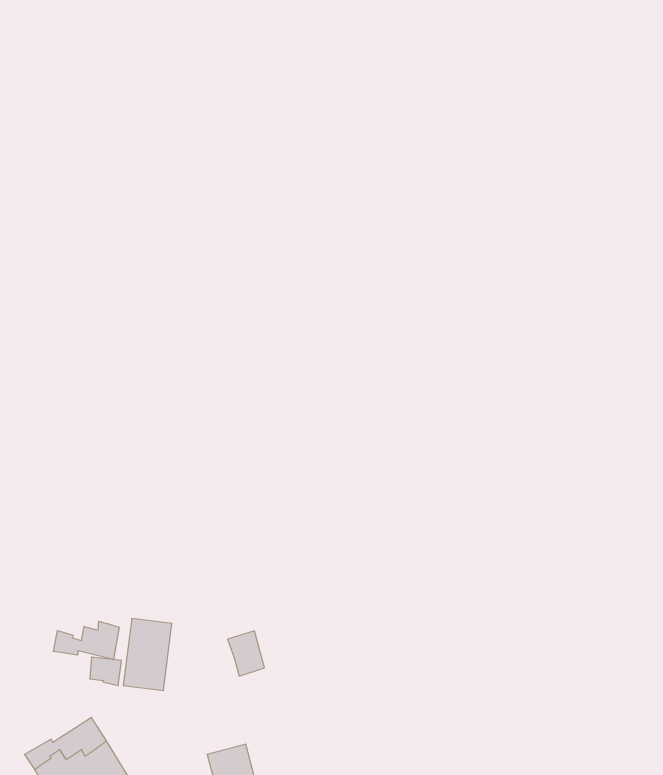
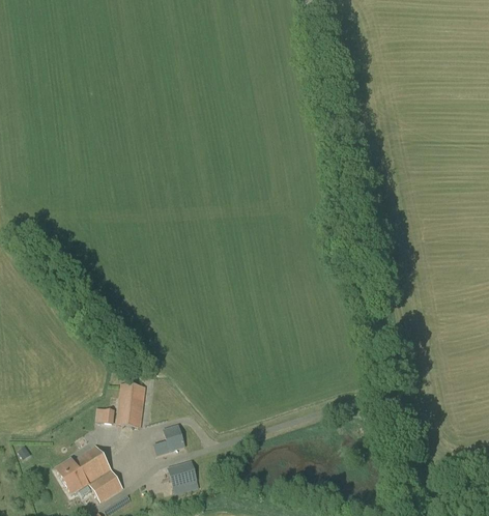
building: [54,621,119,660] -> none
building: [228,631,264,676] -> [163,424,185,452]

